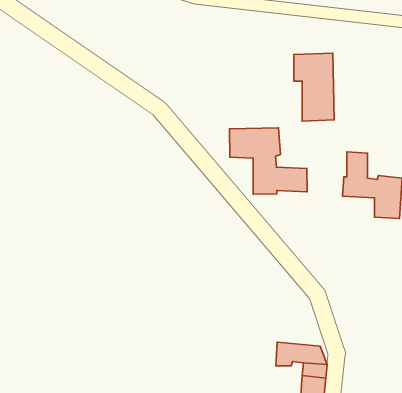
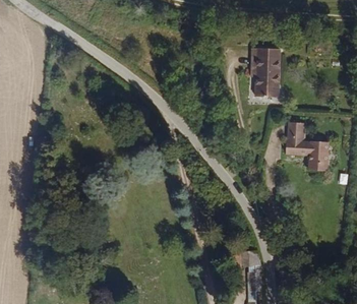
building: [230,128,307,194] -> none

